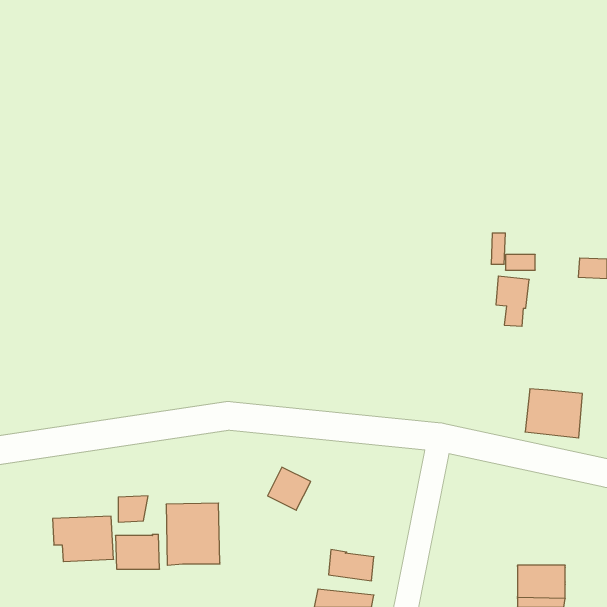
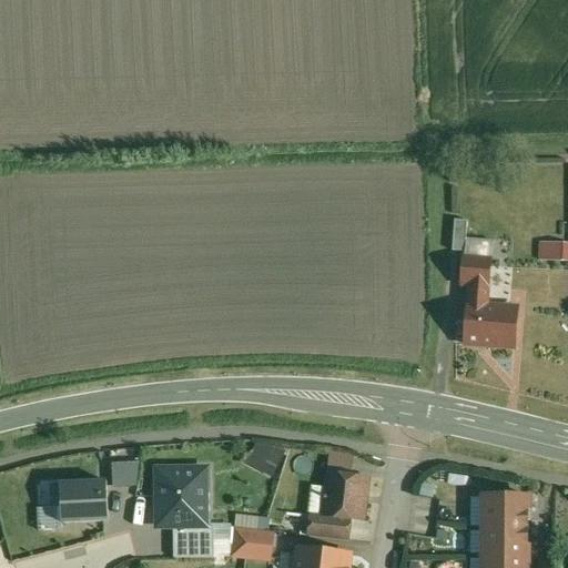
building: [525,389,582,438] -> [464,302,517,347]
building: none -> [321,471,364,518]
building: none -> [480,494,526,525]
building: [115,534,160,569] -> [170,523,211,555]
building: none -> [229,526,272,557]

